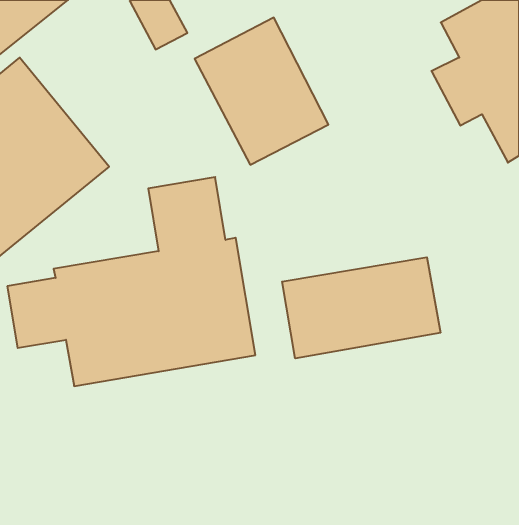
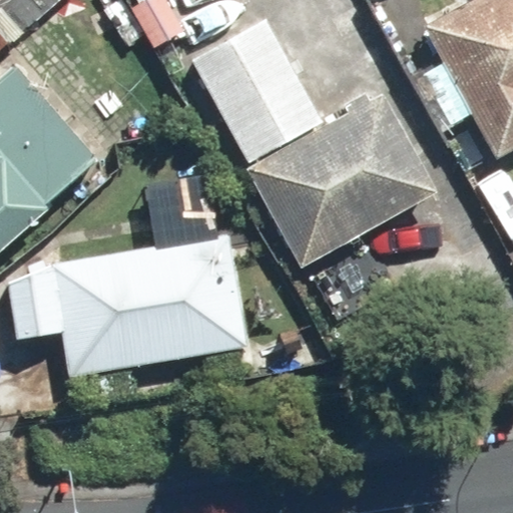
building: none -> [243,90,436,268]
building: [282,257,440,358] -> none

